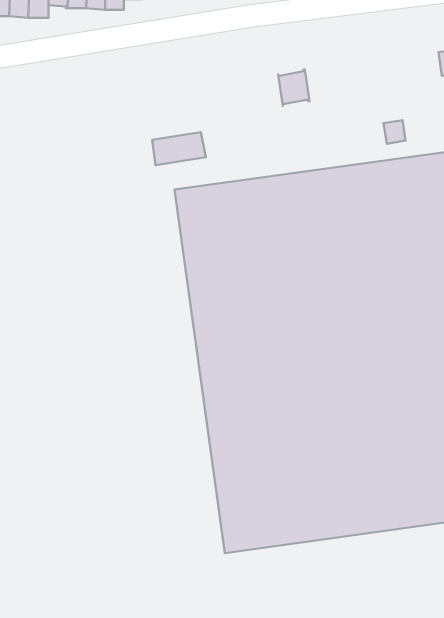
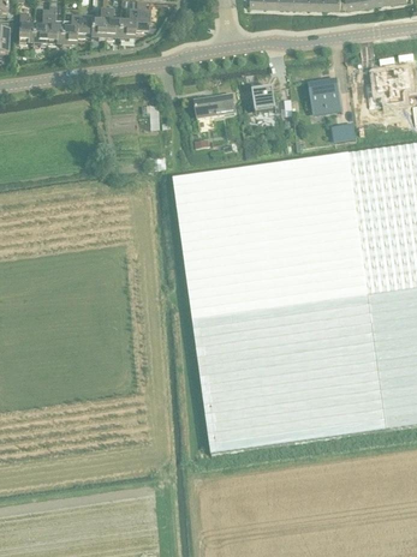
building: none -> [306,76,341,112]
building: [152,132,206,165] -> [193,91,234,116]

